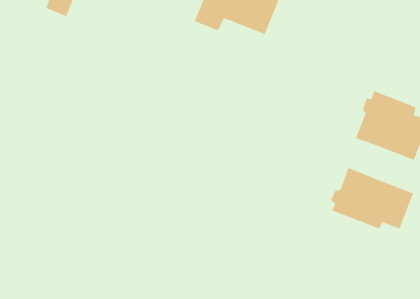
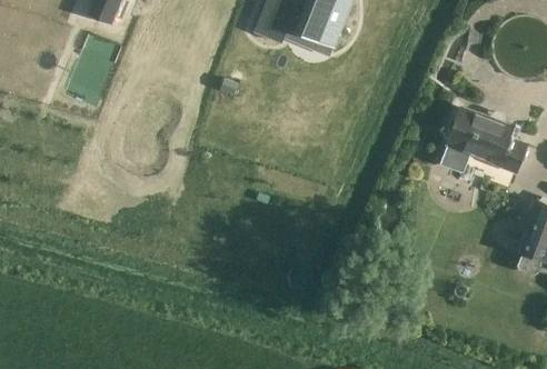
building: [330,167,414,230] -> none

